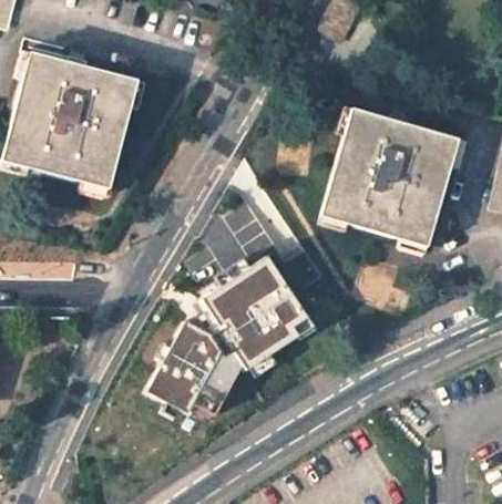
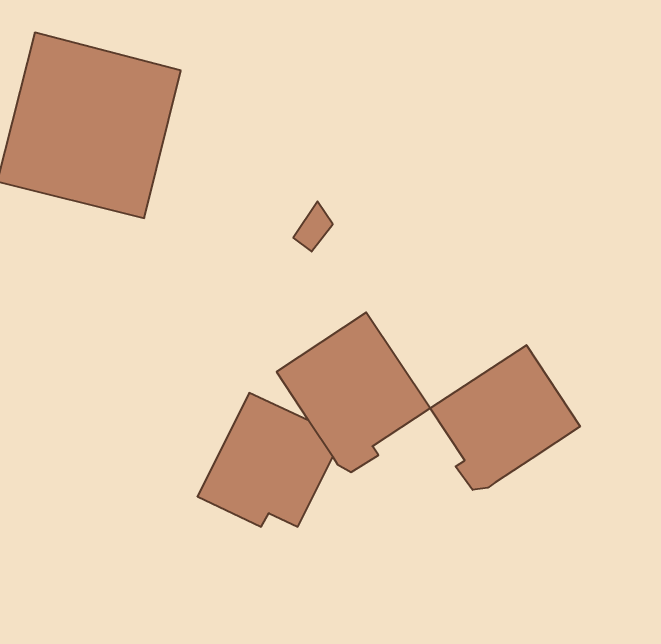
building: [325,110,460,247] -> none
building: none -> [430,345,580,490]

